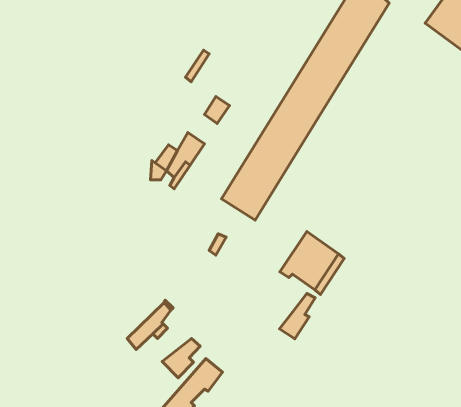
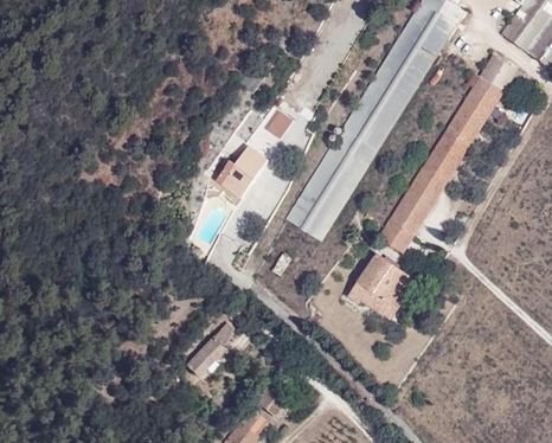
building: none -> [378,54,516,252]
building: [280,294,315,339] -> none
building: [162,339,200,378] -> none

